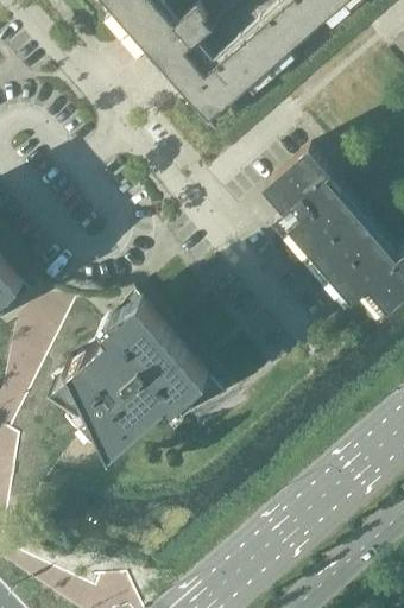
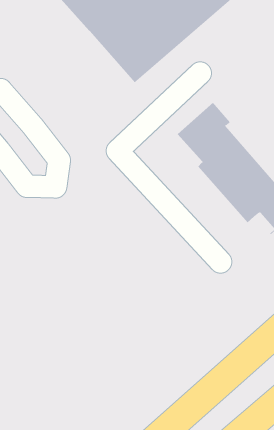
building: [53,291,226,454] -> none

